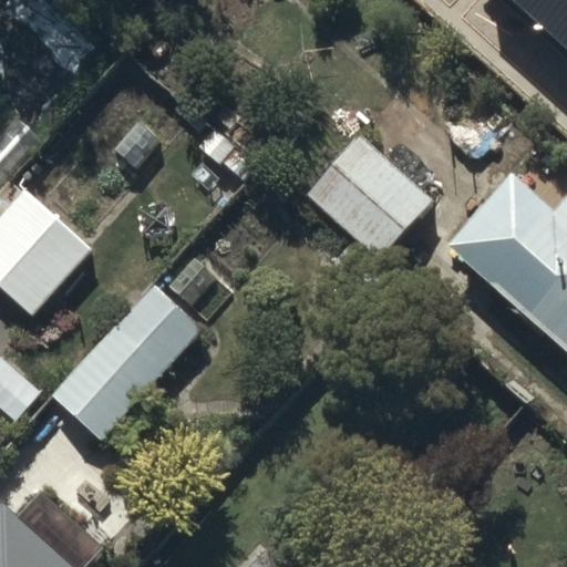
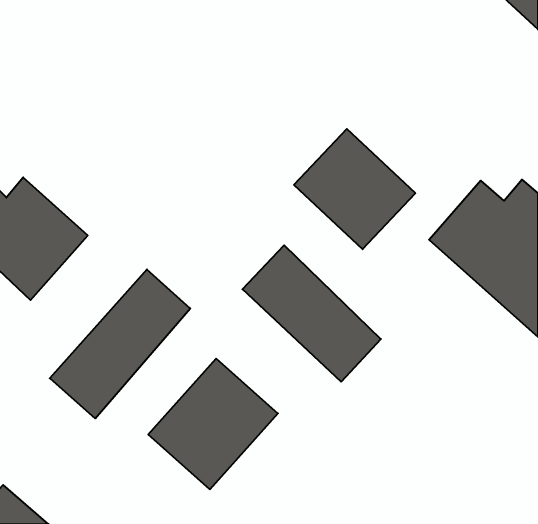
building: none -> [242,245,381,382]
building: none -> [148,359,278,489]

